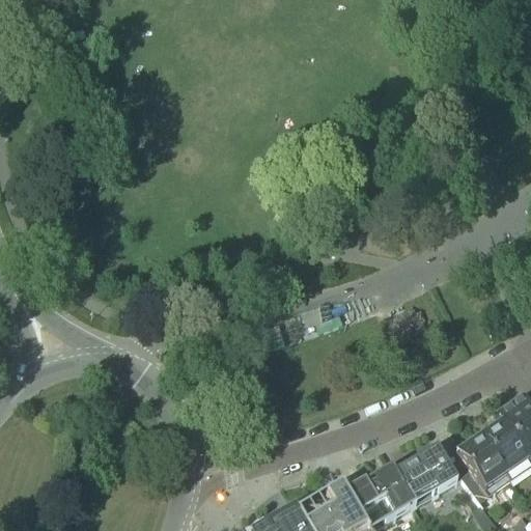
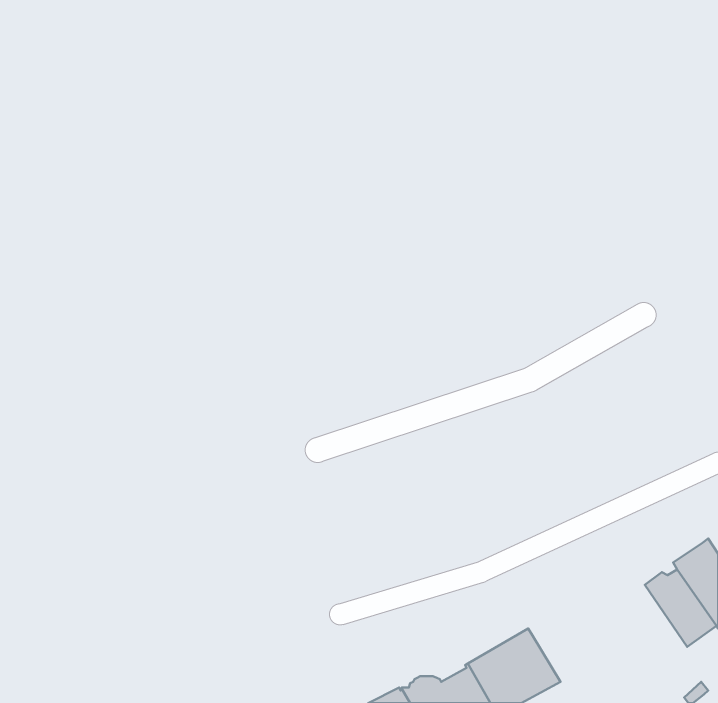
building: [454,431,507,503] -> none
building: [393,444,455,503] -> none

